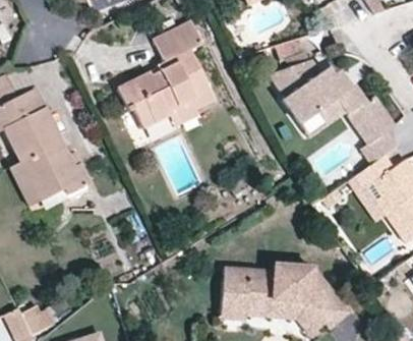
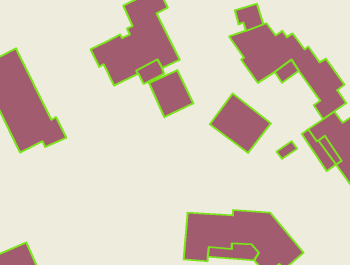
building: none -> [149,70,193,117]
building: none -> [210,94,271,153]

